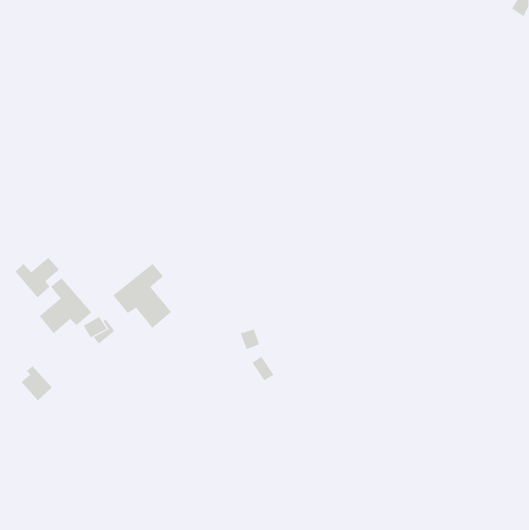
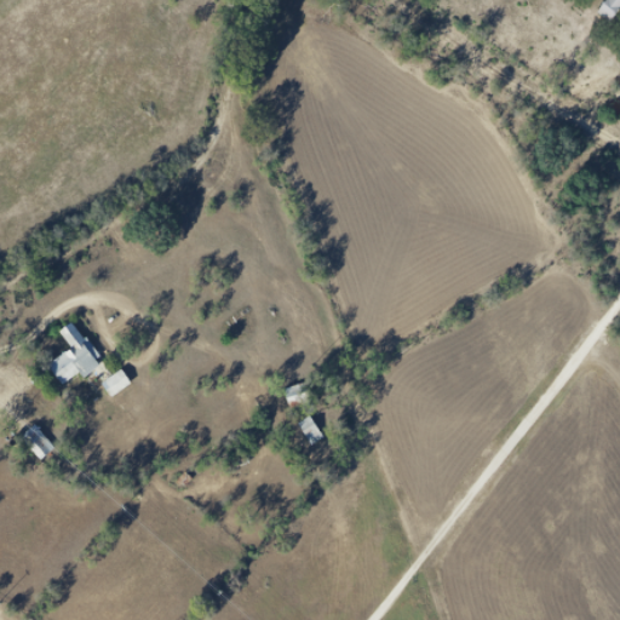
building: [15,257,60,298] -> none
building: [113,263,172,329] -> none

